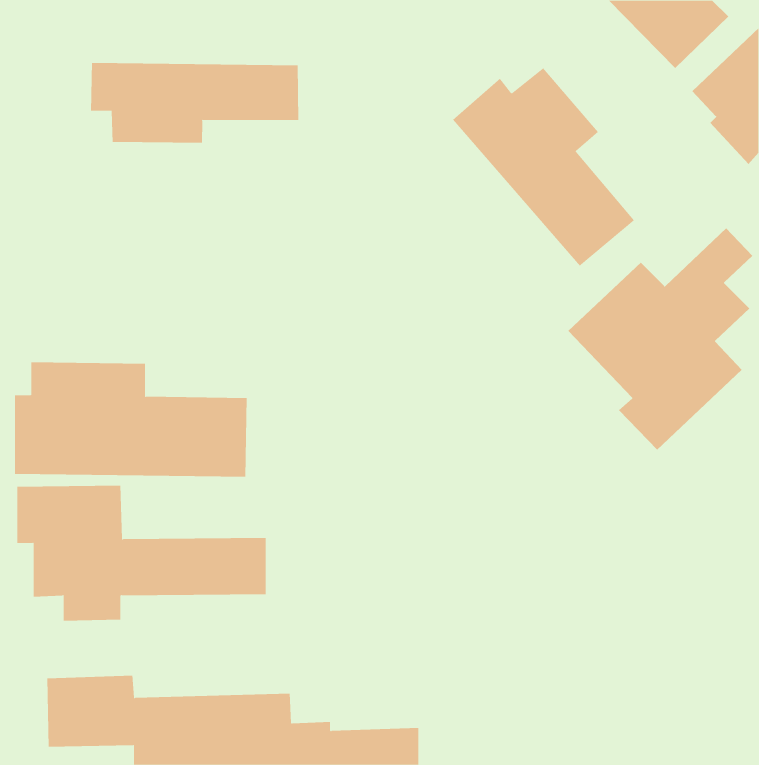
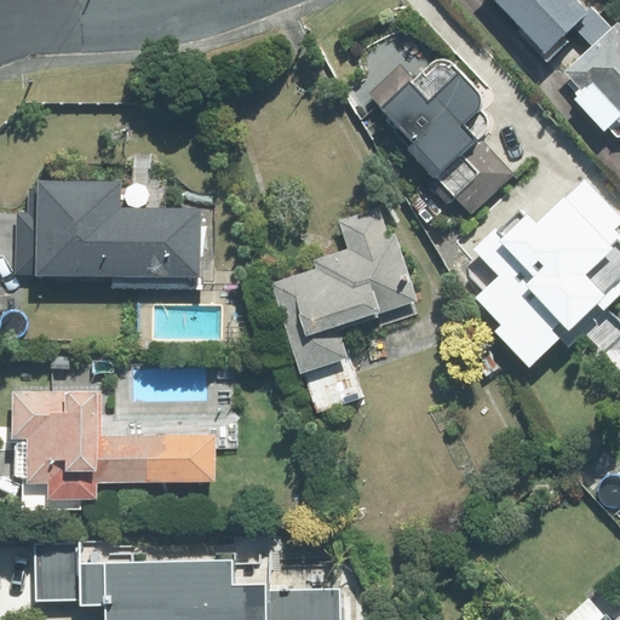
building: [91,62,299,144] -> none
building: none -> [269,208,419,380]
building: [14,362,248,477] -> [15,183,203,276]

